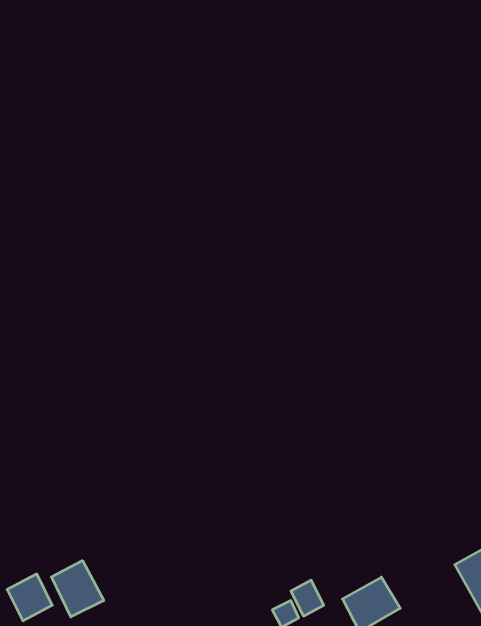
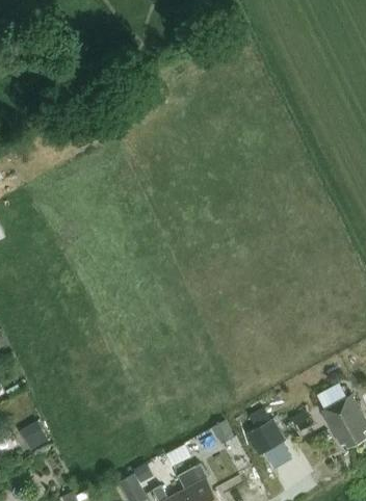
building: [51,561,104,617] -> none

